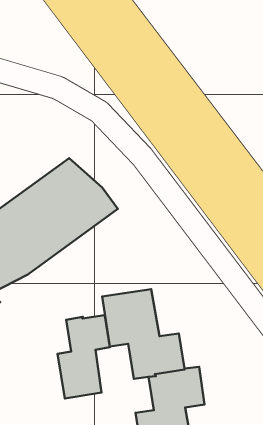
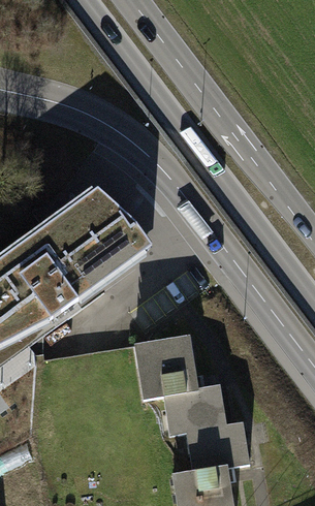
building: [57,315,110,398] -> none

